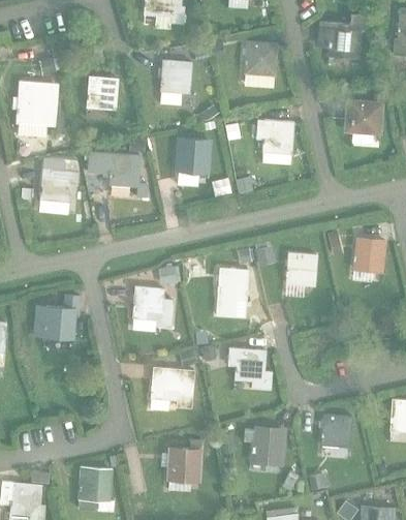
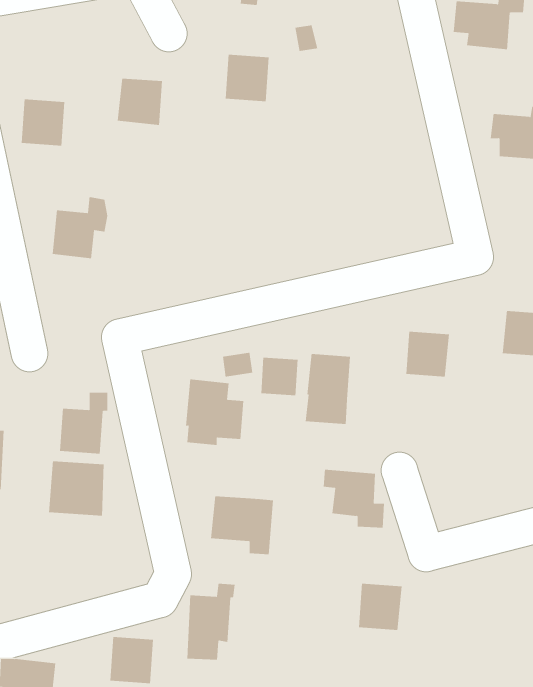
building: [245,41,276,74] -> none
building: [256,121,293,153] -> none
building: [178,139,209,172] -> none
building: [87,152,146,196] -> none
building: none -> [261,357,298,396]
building: none -> [49,461,104,516]
building: [321,415,352,448] -> none
building: [168,439,202,493] -> [187,583,235,660]

